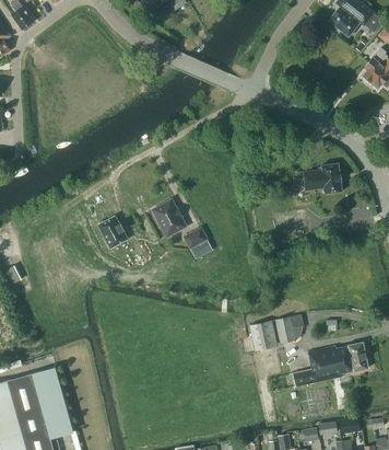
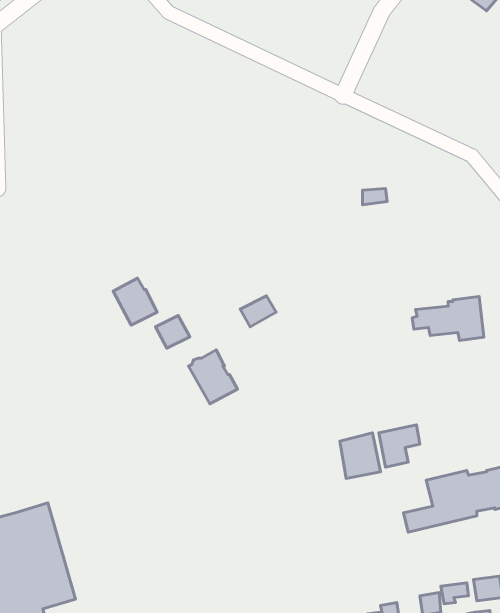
building: [294,163,342,193] -> [412,297,484,341]
building: [153,199,186,235] -> [189,350,238,404]

